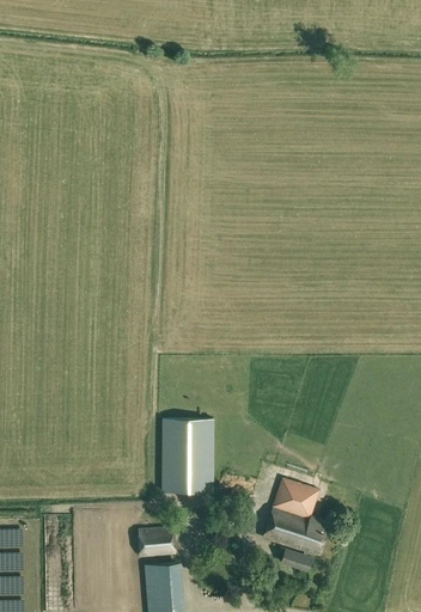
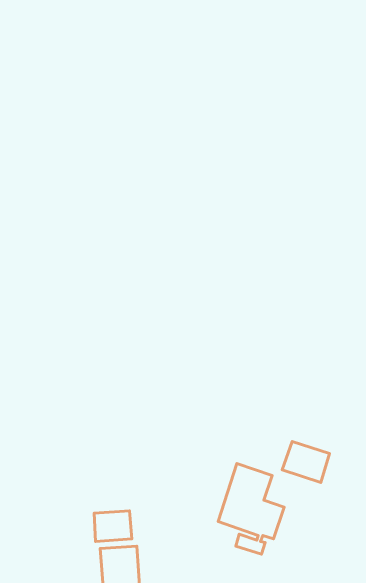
building: [161,418,213,492] -> none
building: none -> [282,441,329,482]

